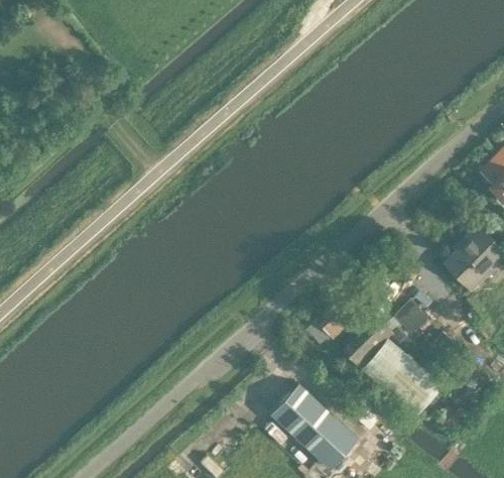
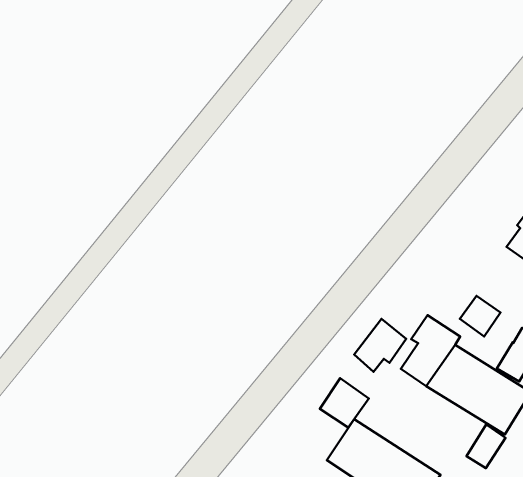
building: none -> [320,378,369,428]
building: none -> [466,425,505,468]

